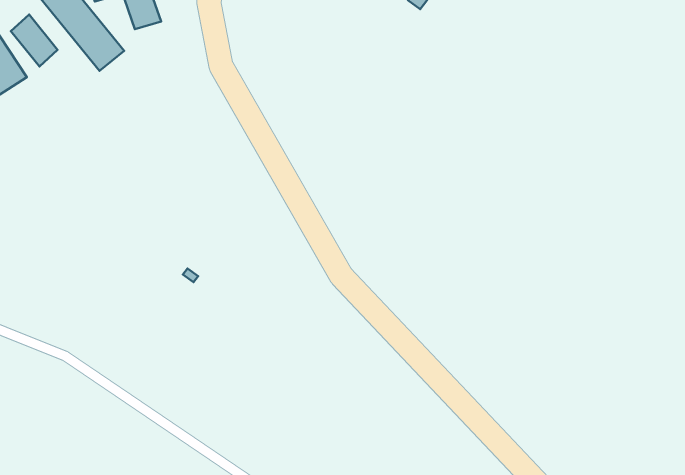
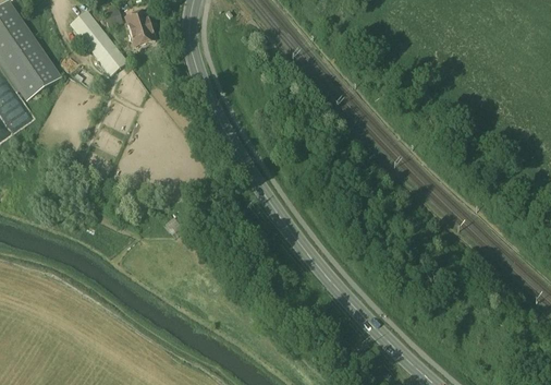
building: [11,15,58,66] -> none

